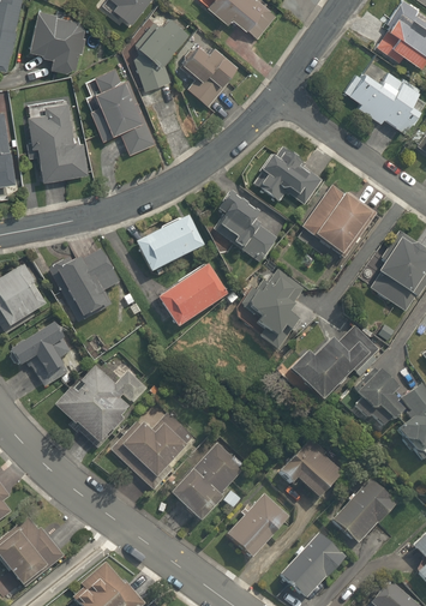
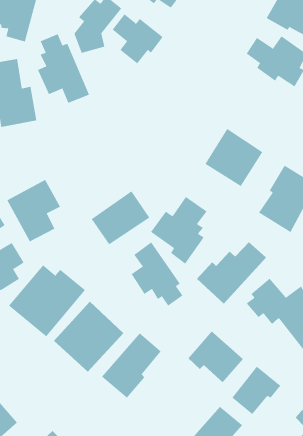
building: [251,145,320,203] -> none
building: [209,191,281,263] -> none
building: [132,211,205,274] -> none
building: none -> [131,242,183,306]
building: [226,497,288,558] -> none

